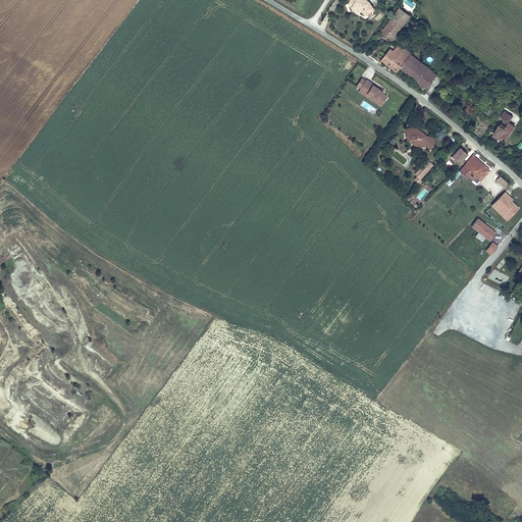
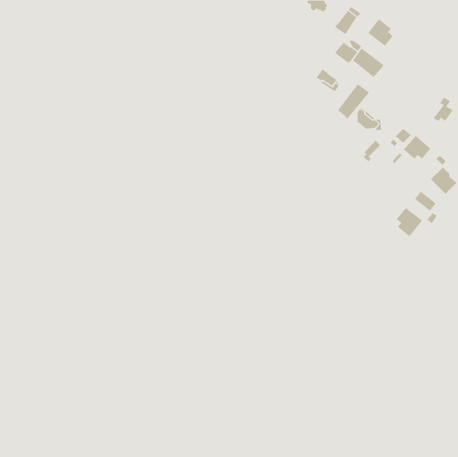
building: none -> [368,18,394,46]
building: none -> [337,84,370,120]
building: none -> [396,207,423,237]

